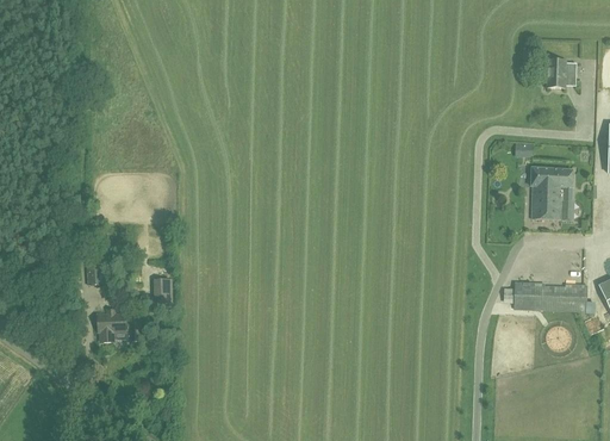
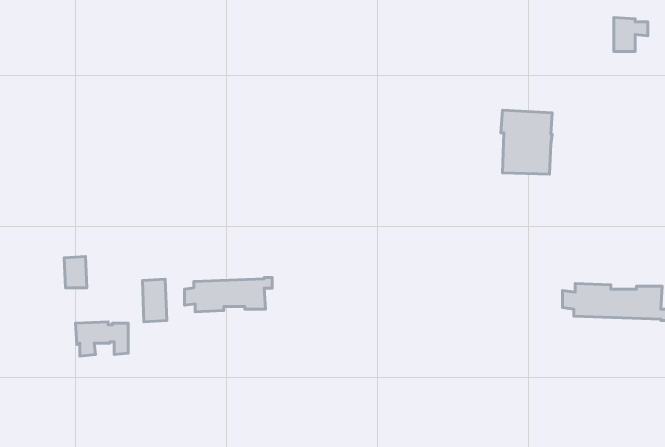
building: [530,167,573,220] -> [501,110,552,174]
building: none -> [185,278,272,312]

